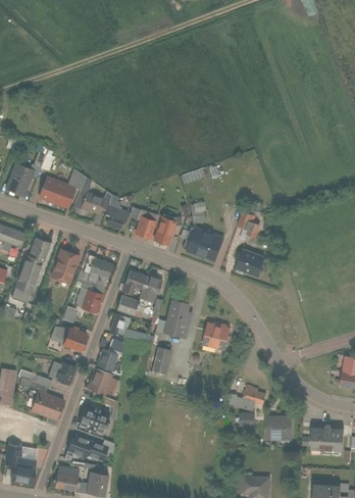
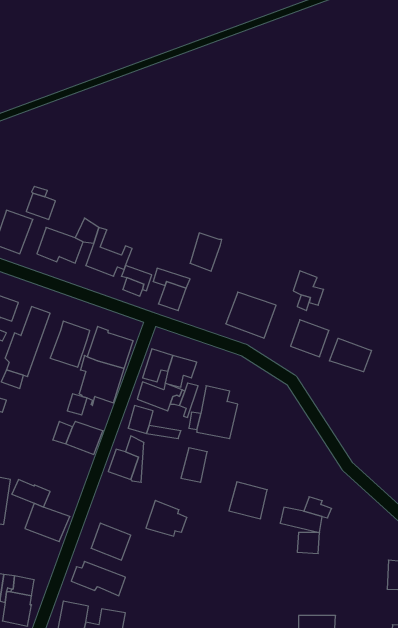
building: [152,217,176,247] -> [190,233,222,271]
building: none -> [329,338,371,372]
building: [201,321,231,350] -> [229,482,267,519]
building: [47,363,77,386] -> none
building: [88,368,119,396] -> [146,500,187,536]
building: [264,415,291,440] -> none

